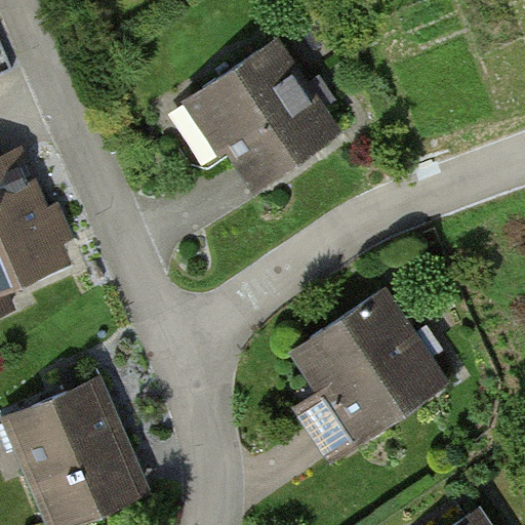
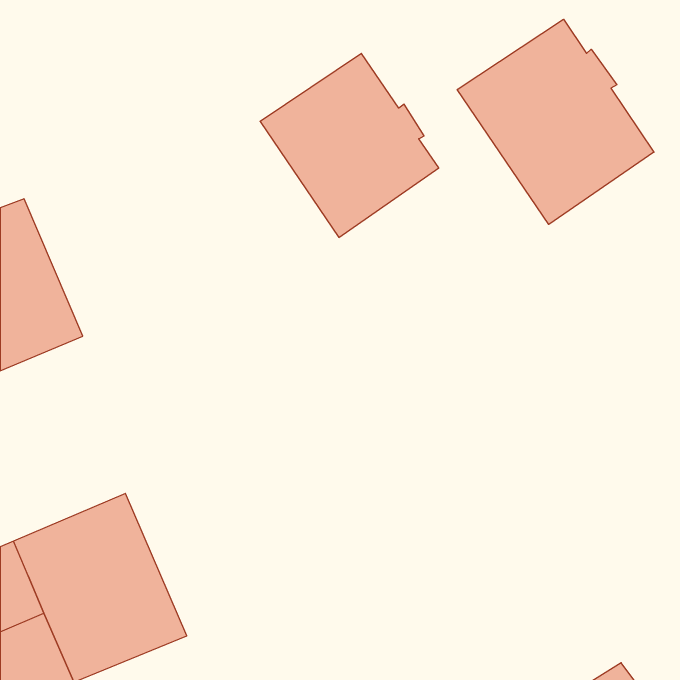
building: none -> [457,19,654,224]
building: [304,290,446,453] -> none

